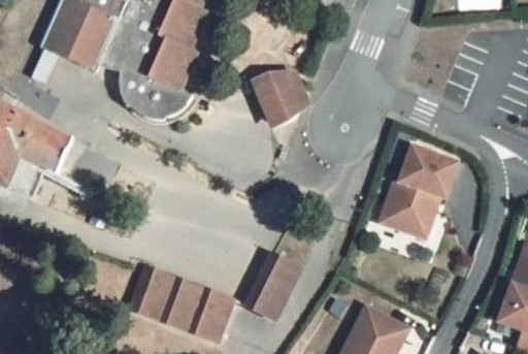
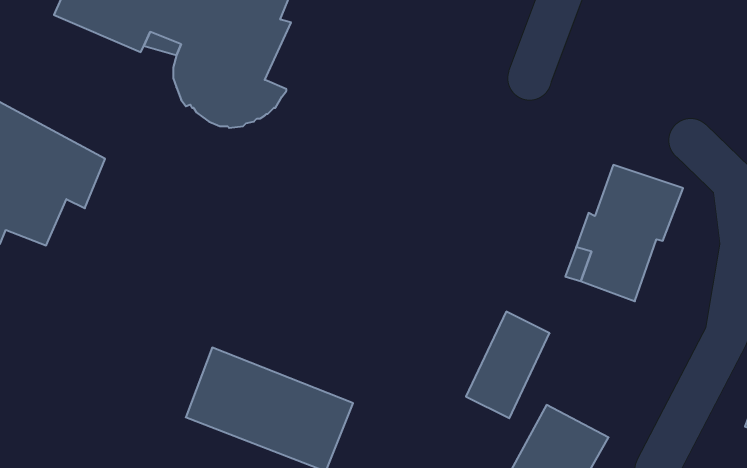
building: [254,69,305,122] -> none
building: [245,251,301,322] -> [466,312,550,418]

